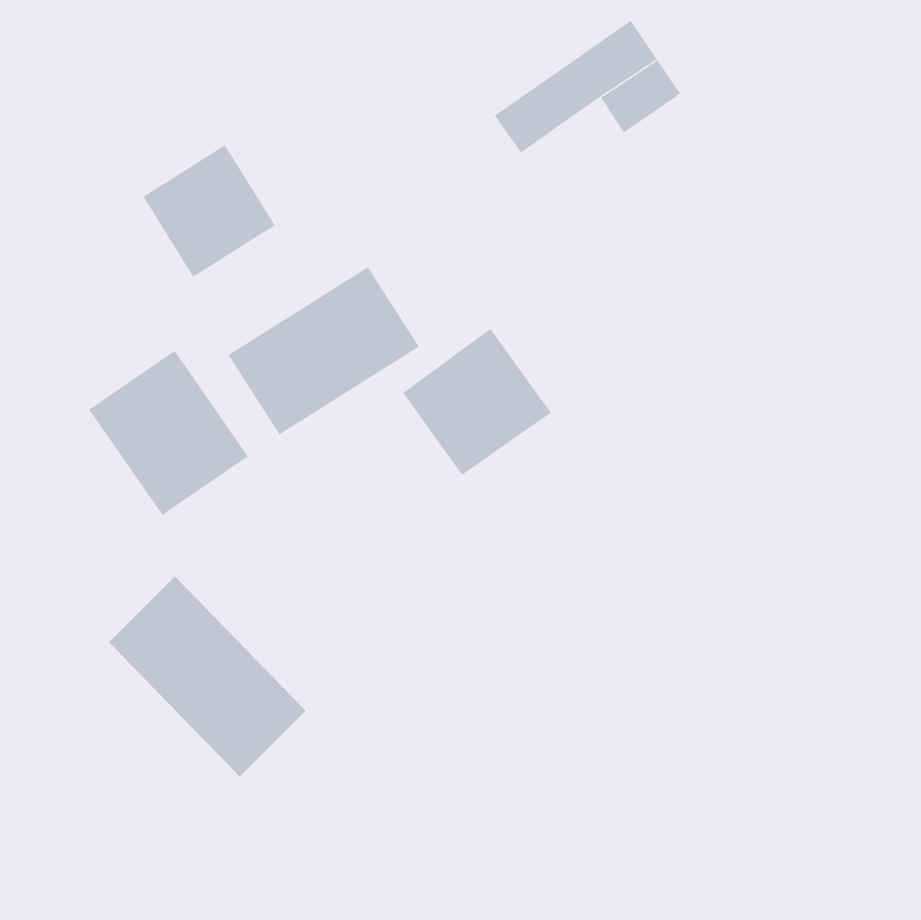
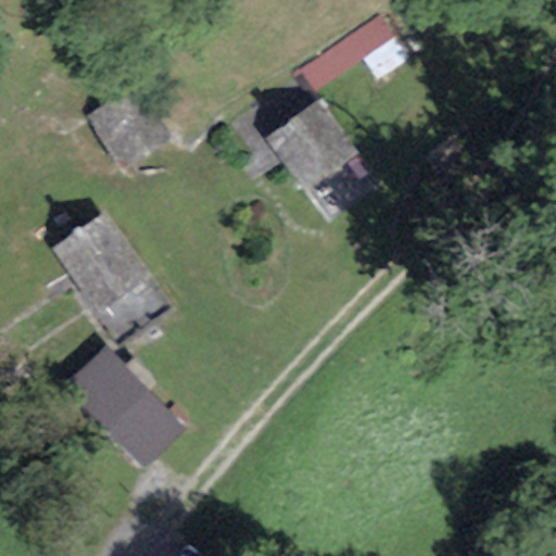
building: [228,266,420,436] -> none
building: [402,328,552,476] -> [264,101,354,190]

